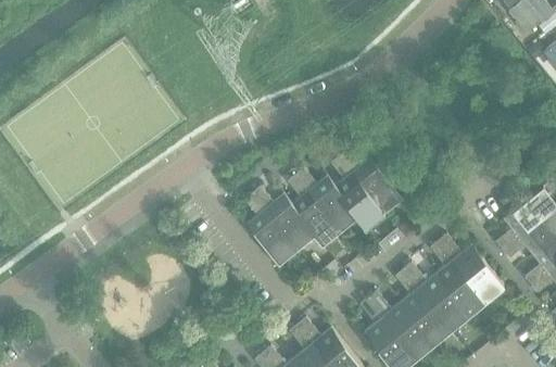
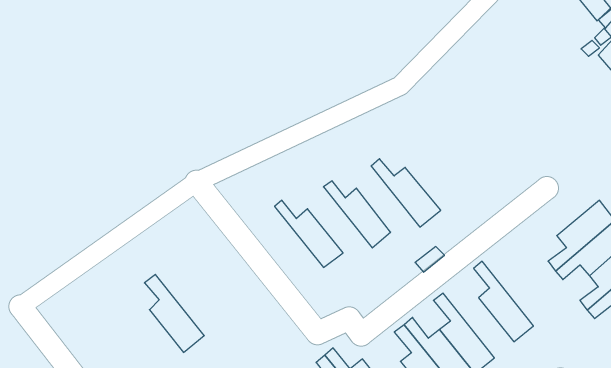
building: [328,160,384,228] -> none
building: [285,178,342,246] -> none
building: [245,195,299,265] -> [144,274,204,352]
building: [440,237,504,302] -> none
building: [405,266,468,330] -> none

